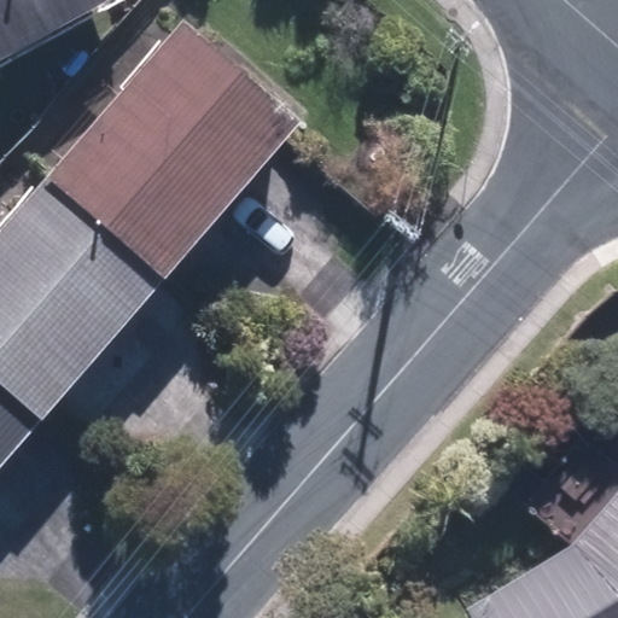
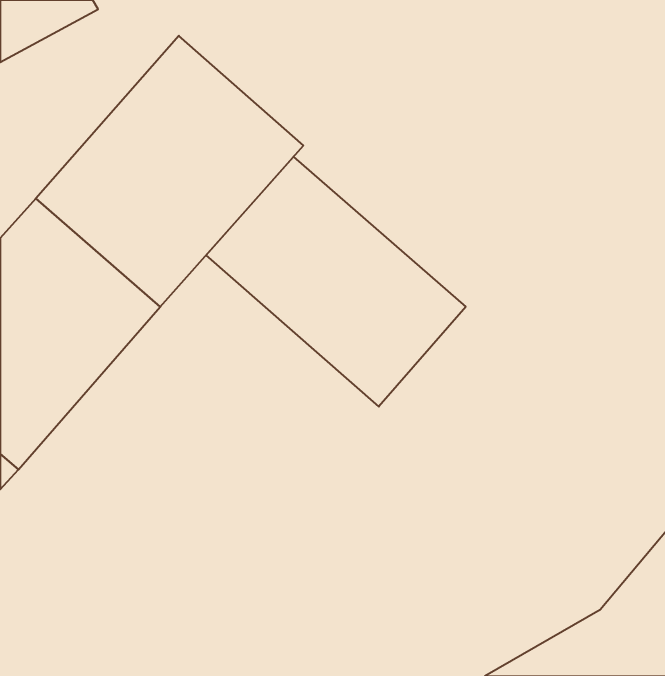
building: none -> [206,157,466,407]

